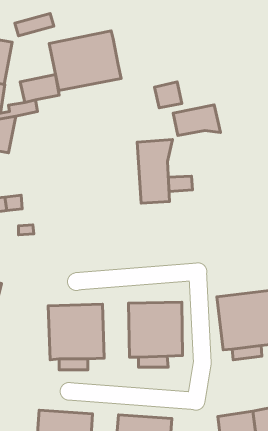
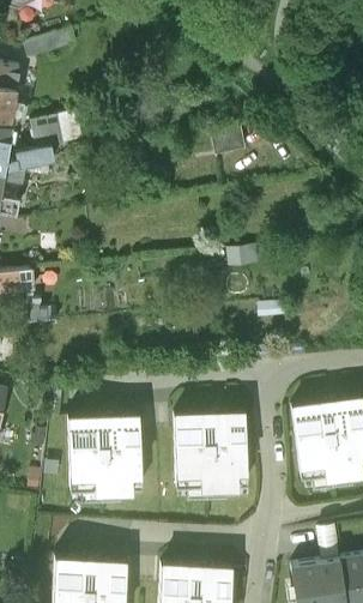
building: [49,31,121,91] -> none
building: [173,105,220,136] -> none
building: [137,139,173,203] -> none

